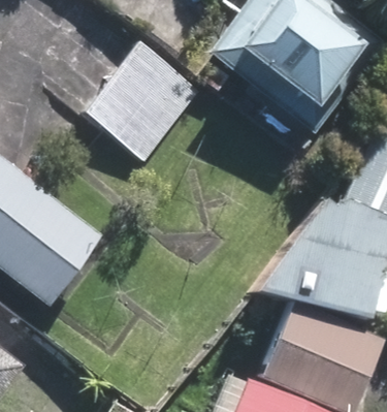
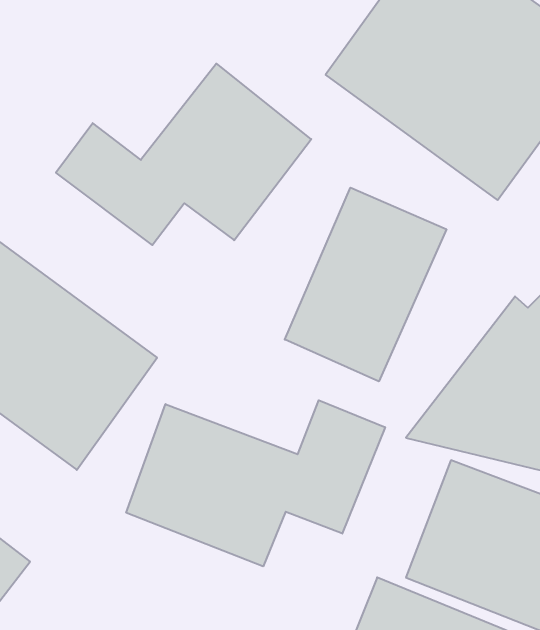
building: none -> [285,188,446,381]
building: none -> [126,400,385,566]

